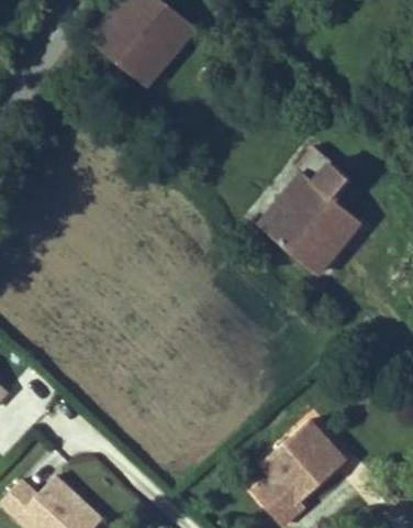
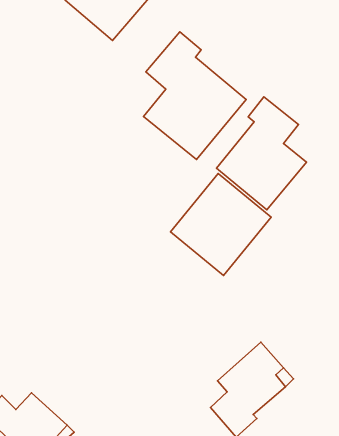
building: none -> [144,32,246,160]
building: none -> [170,174,271,276]

